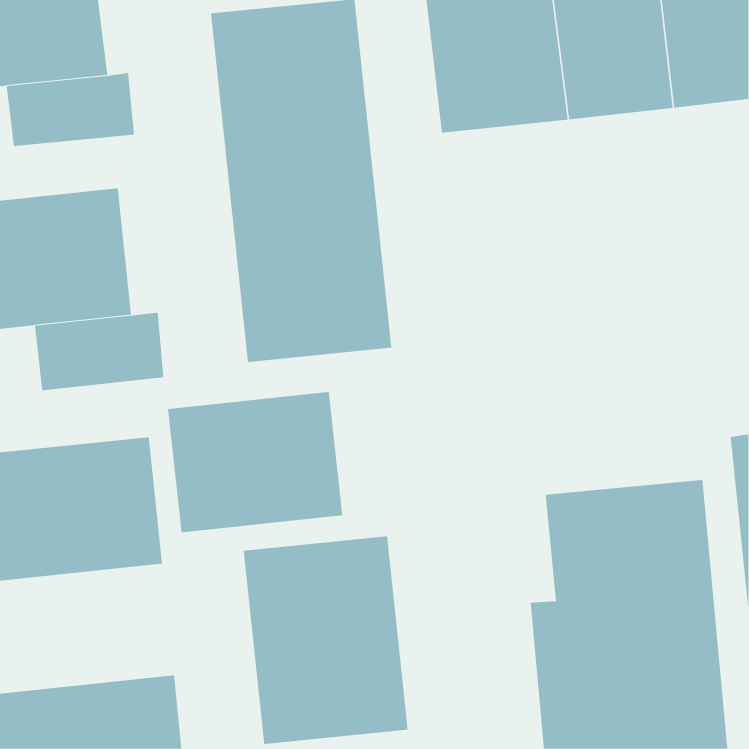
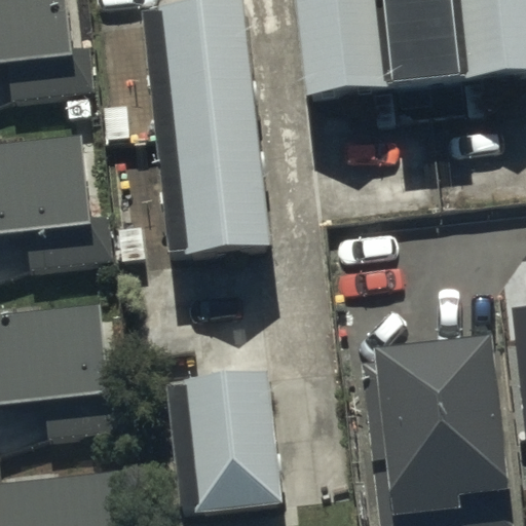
building: [167,391,343,533] -> none

